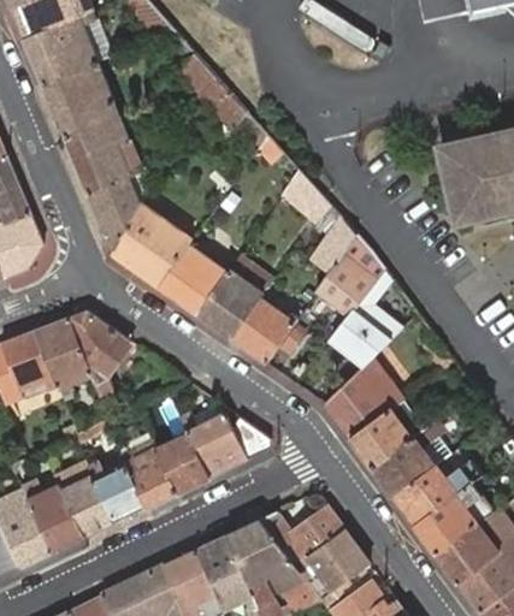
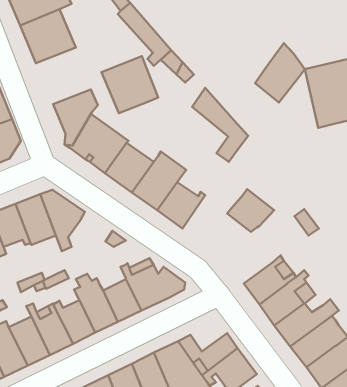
building: [64,116,142,194] -> [101,56,158,113]
building: [317,237,385,319] -> [255,43,305,103]
building: [325,361,402,440] -> none

